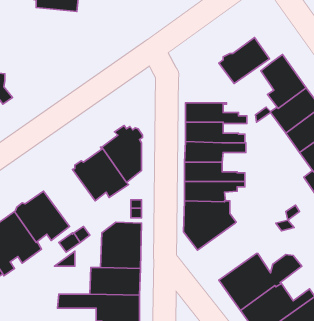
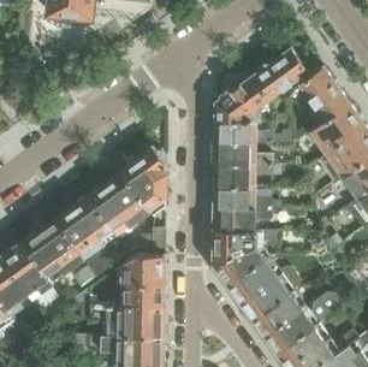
building: none -> [214,77,268,123]
building: none -> [55,196,113,260]
building: none -> [227,255,295,320]

